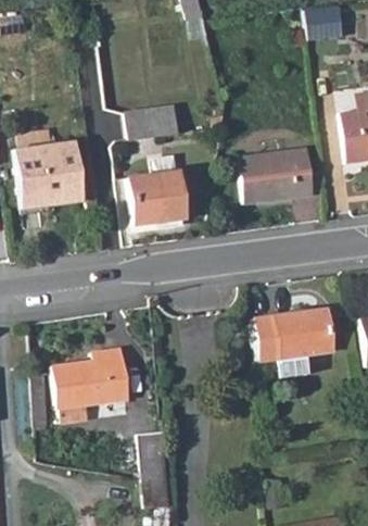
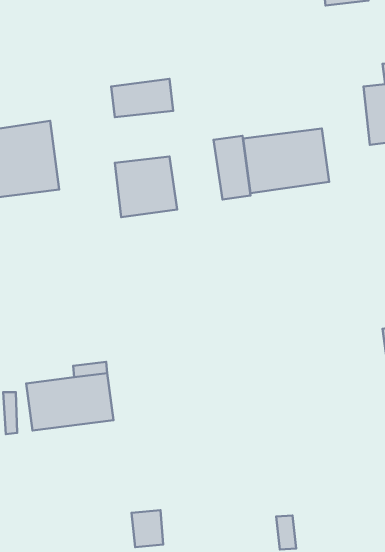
building: none -> [213,136,250,199]
building: [252,310,329,377] -> none
building: [140,430,168,477] -> none

